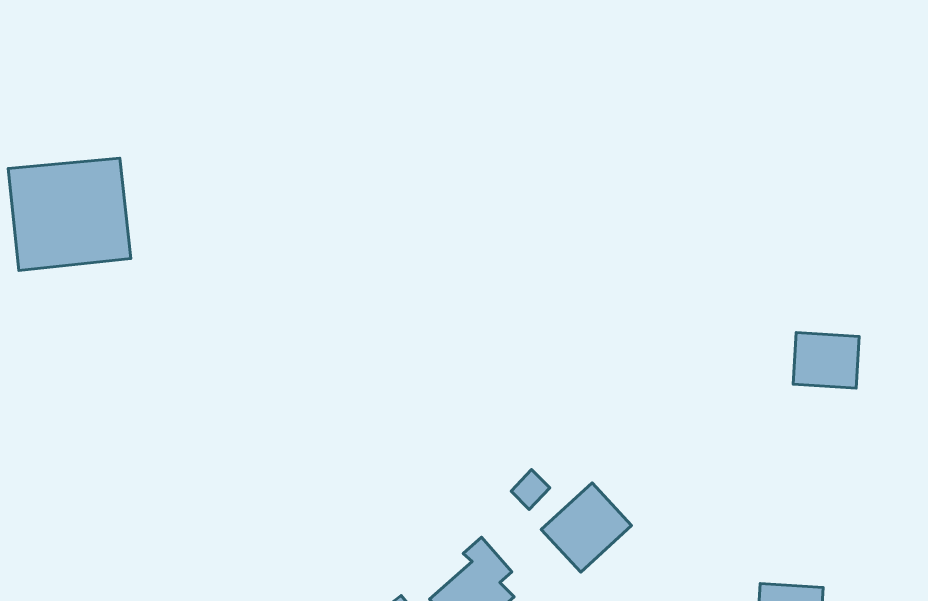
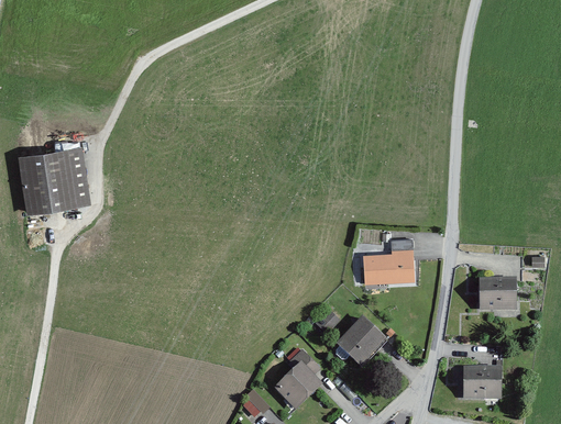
building: [793,333,859,388] -> [479,280,515,310]
building: none -> [363,239,416,283]

